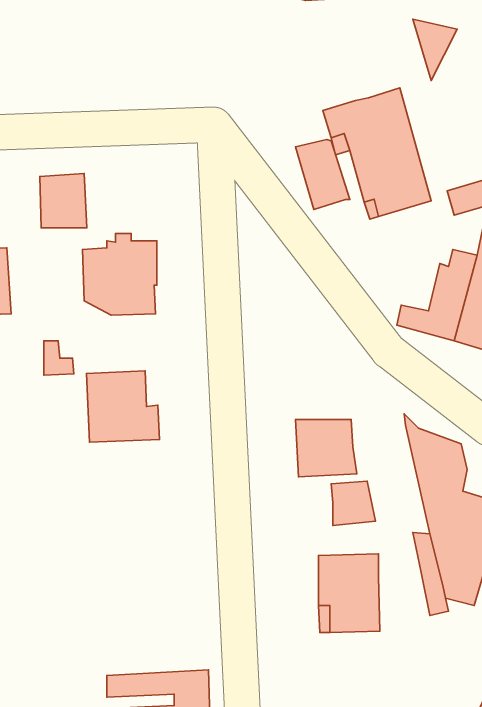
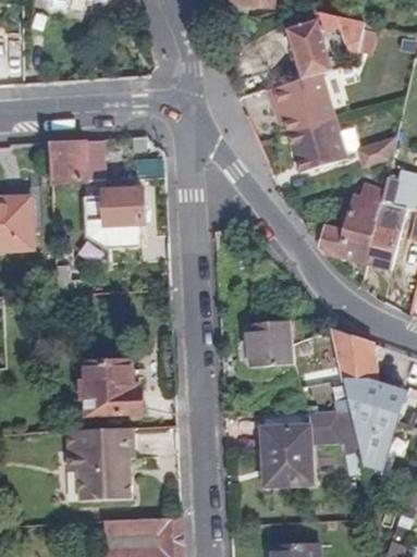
building: [295,140,350,210] -> [287,26,329,79]
building: [86,371,159,442] -> [85,358,140,412]
building: [331,481,376,525] -> [308,410,342,444]
building: none -> [66,424,134,498]

